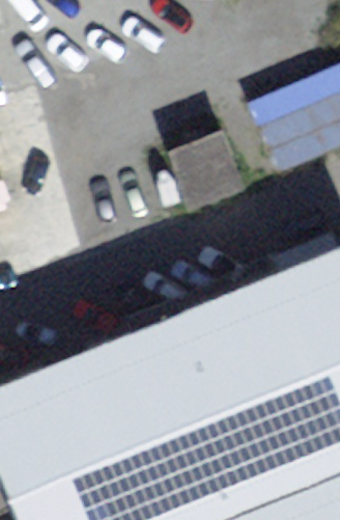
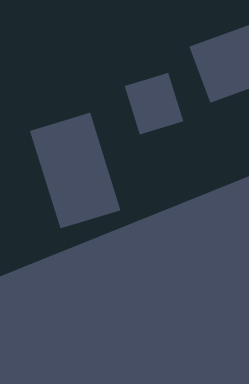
building: none -> [29,112,121,229]

